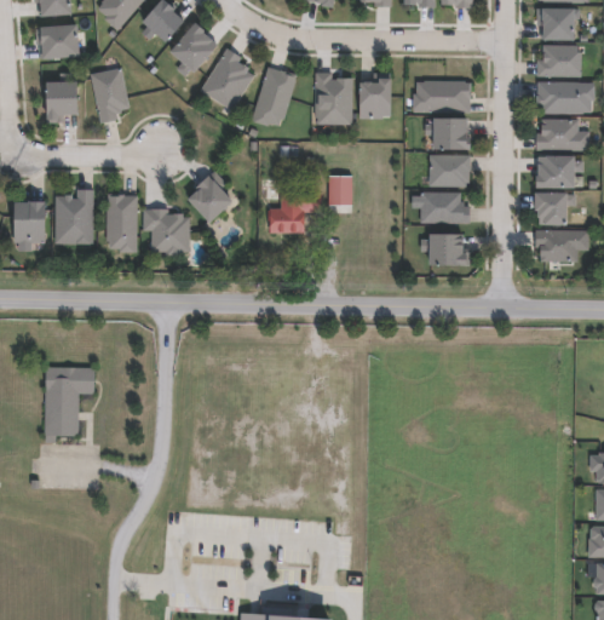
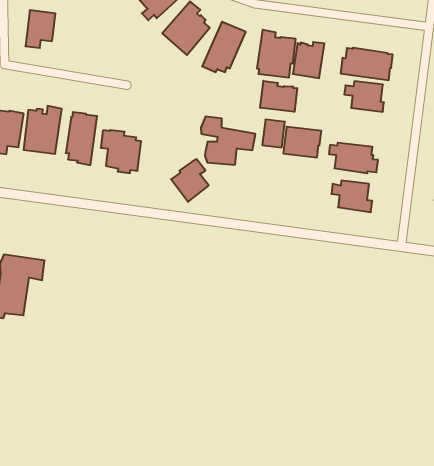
building: [90,69,128,125] -> none
building: none -> [260,81,297,112]
building: [427,155,468,186] -> [283,127,321,157]
building: [185,171,230,222] -> [171,159,209,202]

